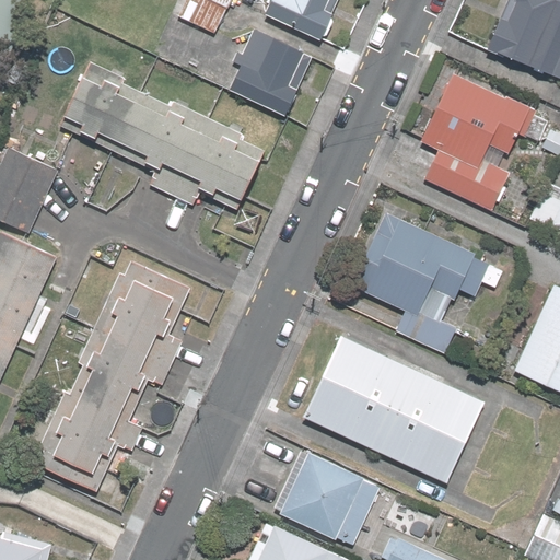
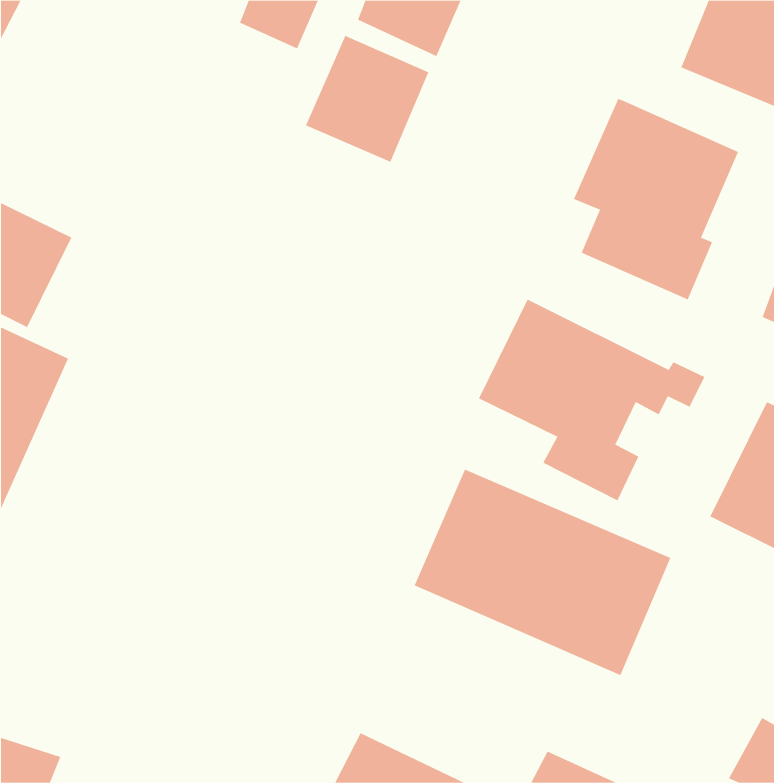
building: [51,70,255,206] -> none
building: [44,258,192,477] -> none
building: [269,447,378,544] -> none

